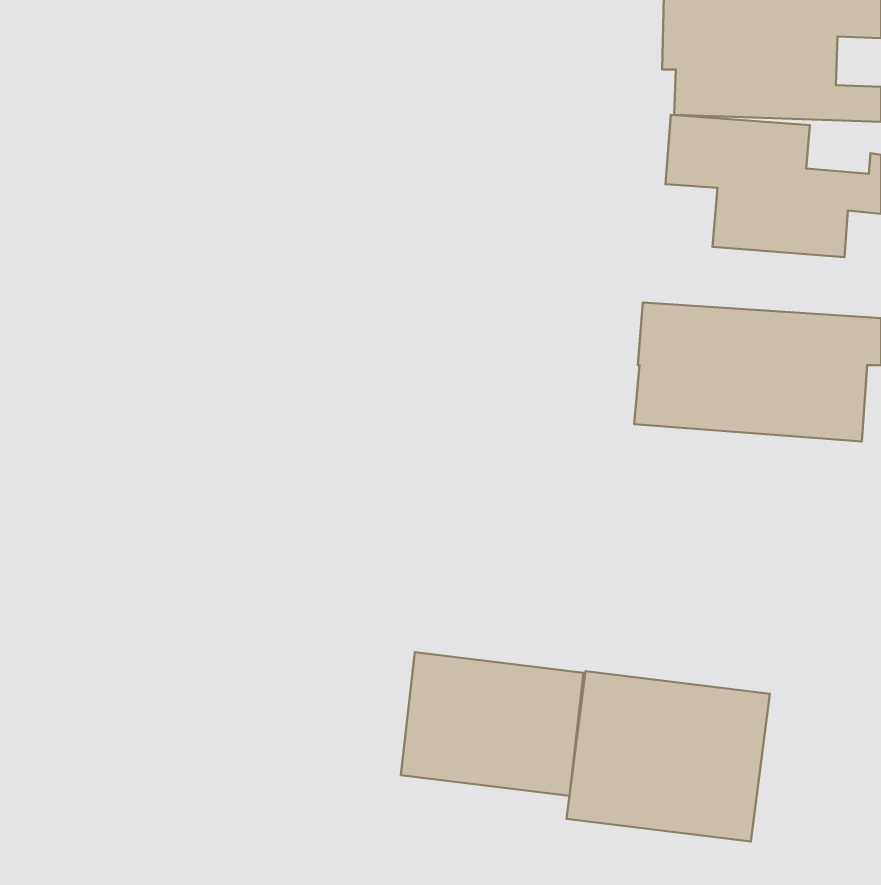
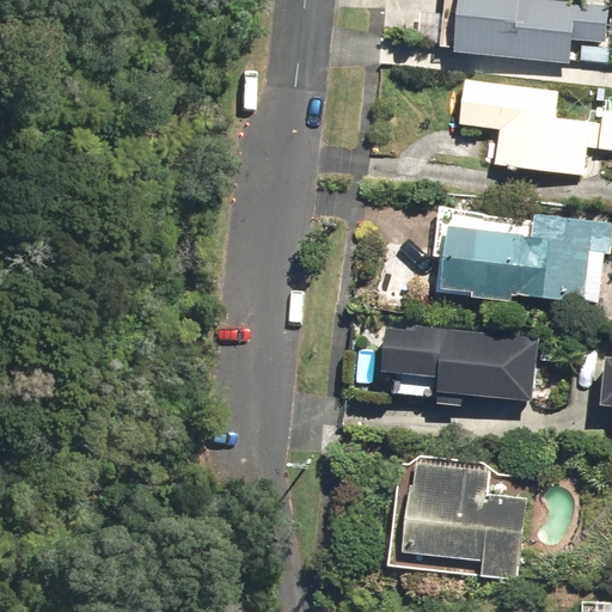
building: none -> [380,318,541,403]
building: [401,652,584,796] -> none

